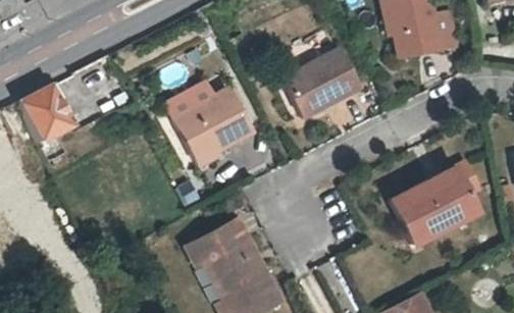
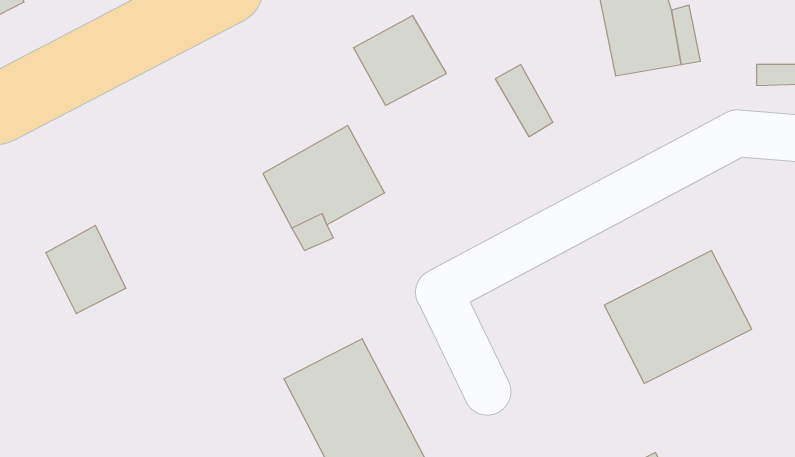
building: [284,55,343,112] -> [353,16,446,105]
building: [17,84,68,140] -> [46,225,126,314]

